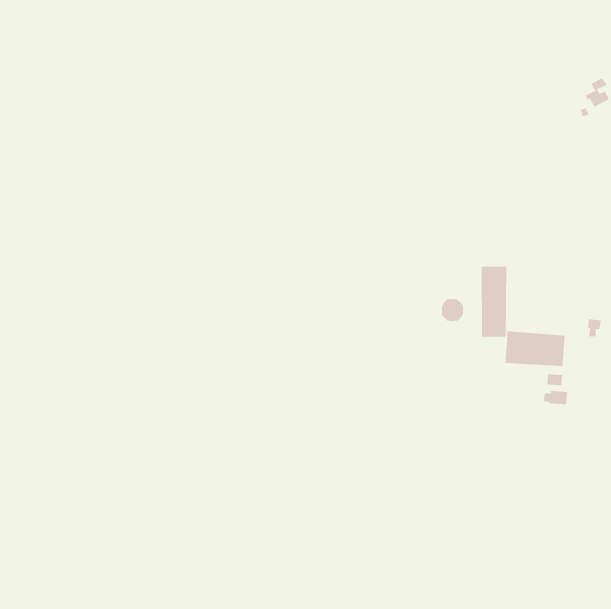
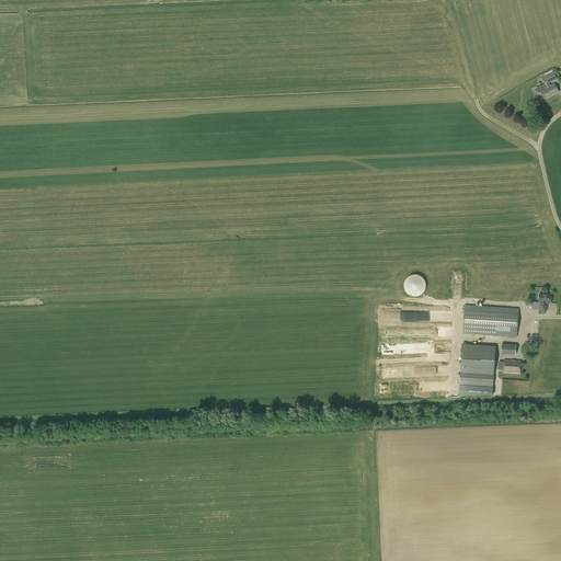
building: [481,266,507,337] -> none
building: none -> [459,343,495,388]

